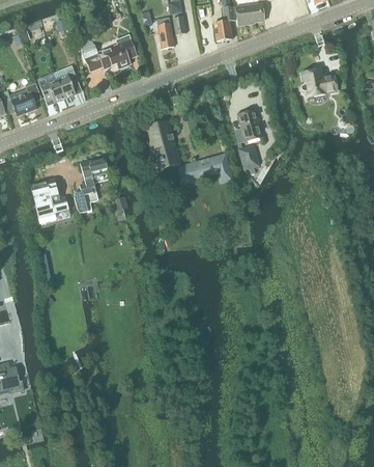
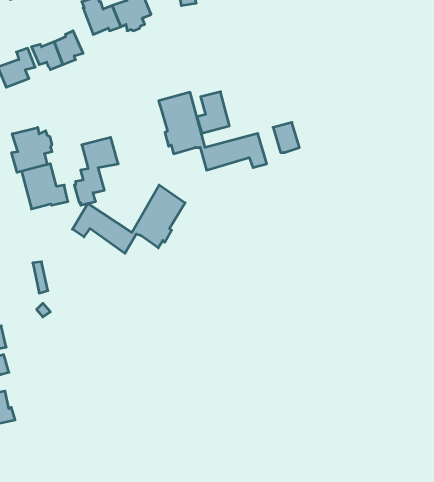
building: [299,68,337,97] -> none
building: [234,109,261,143] -> [197,92,229,133]
building: none -> [12,127,52,172]
building: none -> [72,185,185,253]

